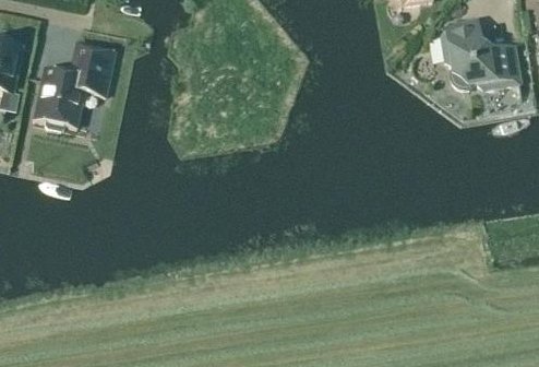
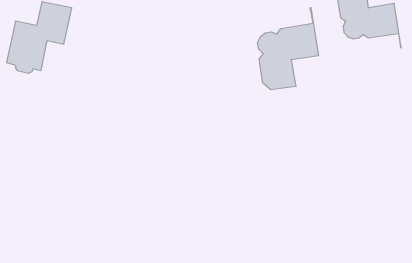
building: none -> [258,8,319,90]

